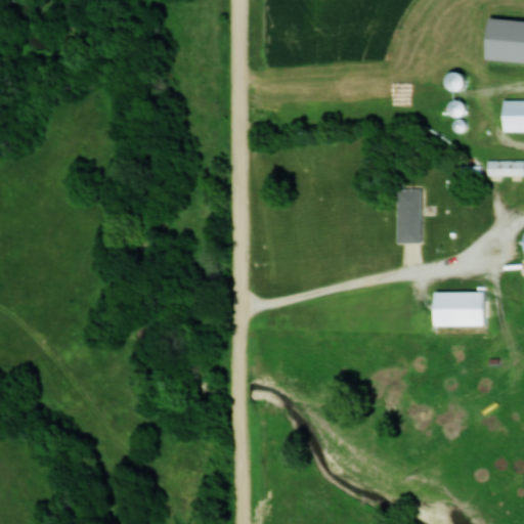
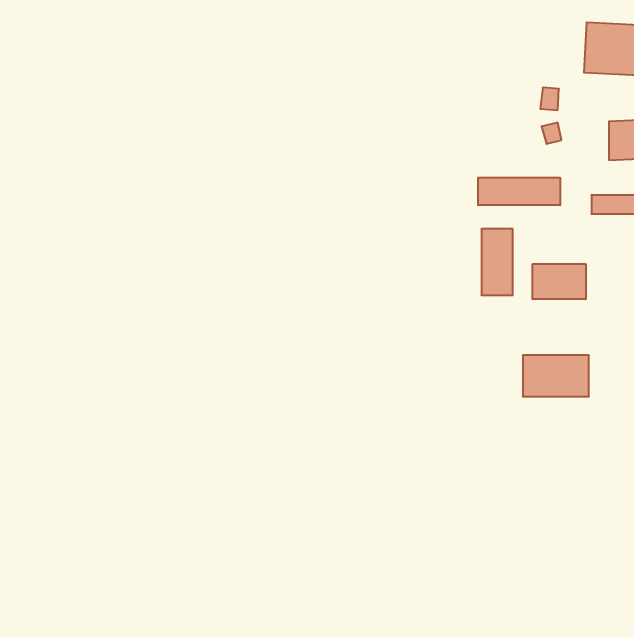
building: none -> [478,178,560,205]
building: none -> [533,264,586,299]

